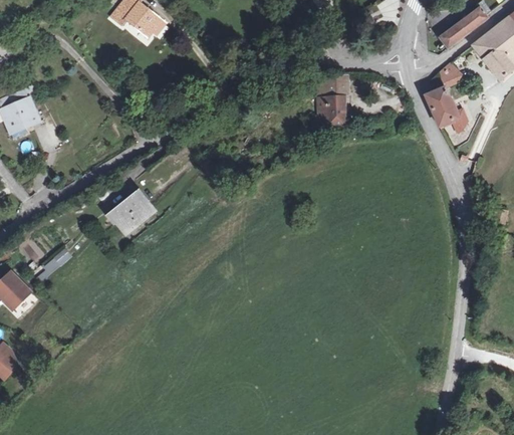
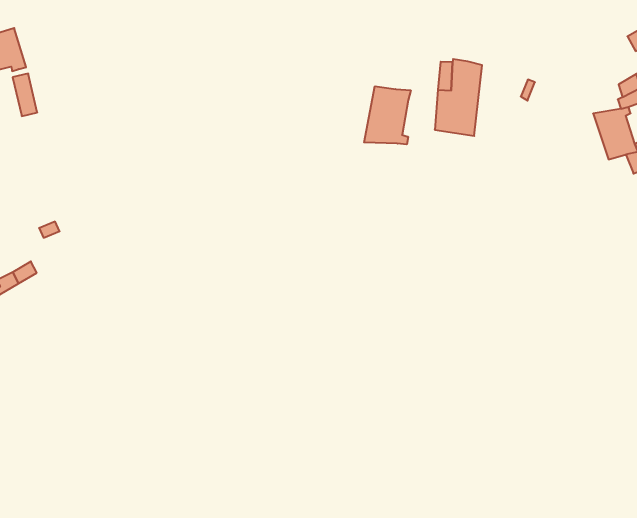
building: none -> [364,86,411,144]
building: [107,194,152,235] -> none

